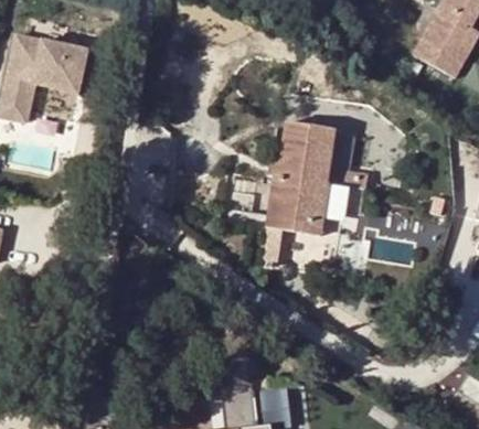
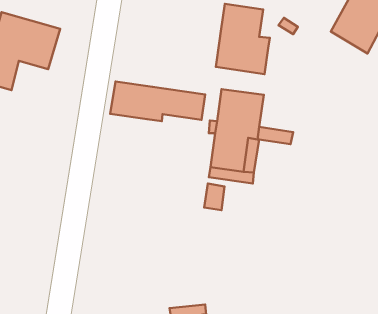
building: none -> [216,4,270,74]
building: none -> [110,82,205,121]

